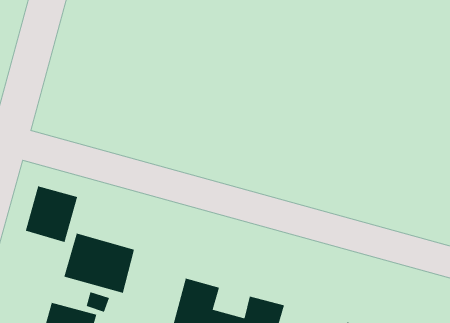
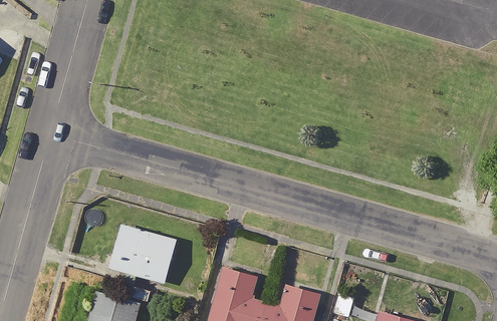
building: [25,185,78,243] -> none

